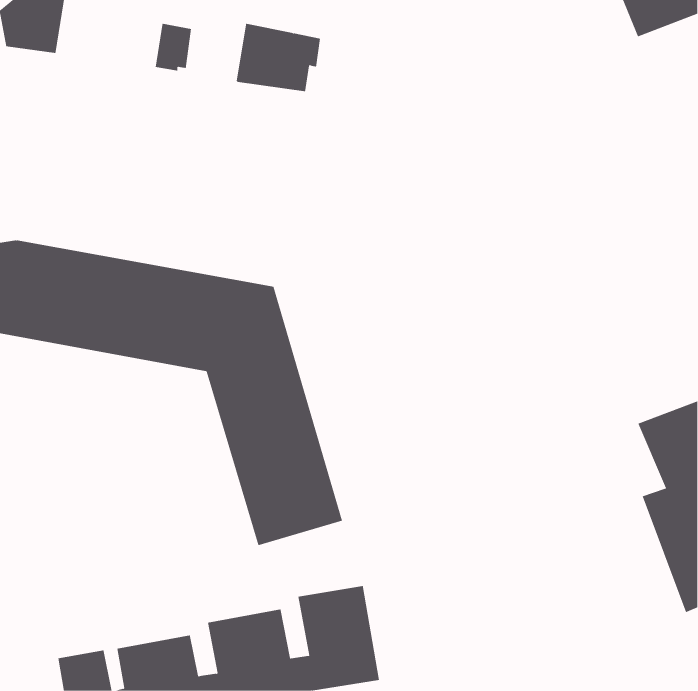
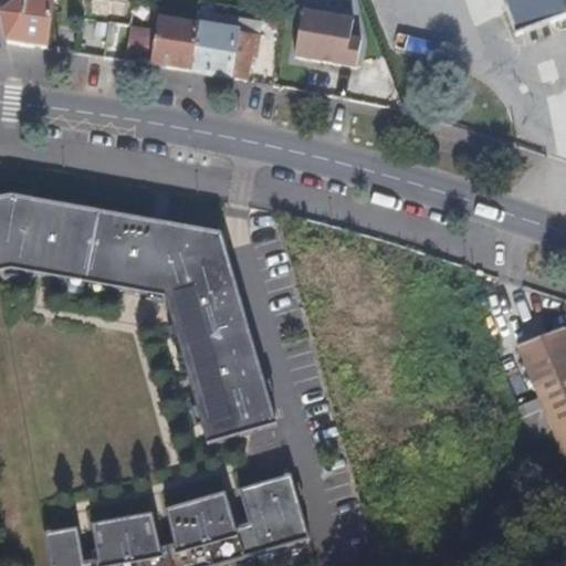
building: none -> [293,4,359,63]
building: none -> [149,12,198,65]

